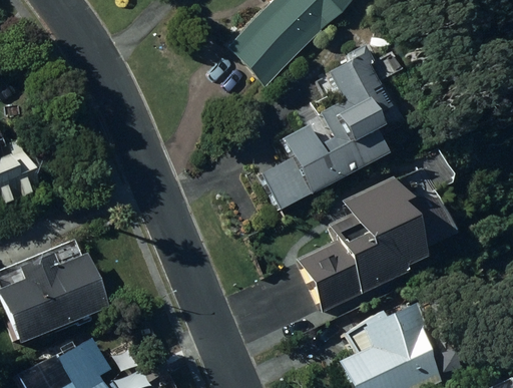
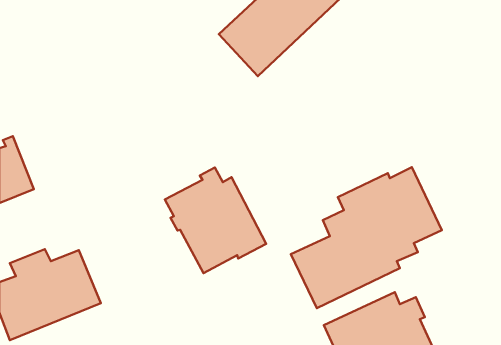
building: [263,44,392,210] -> none
building: none -> [165,167,266,273]

